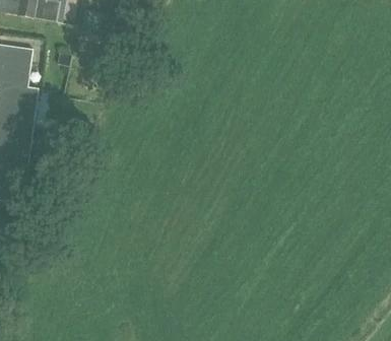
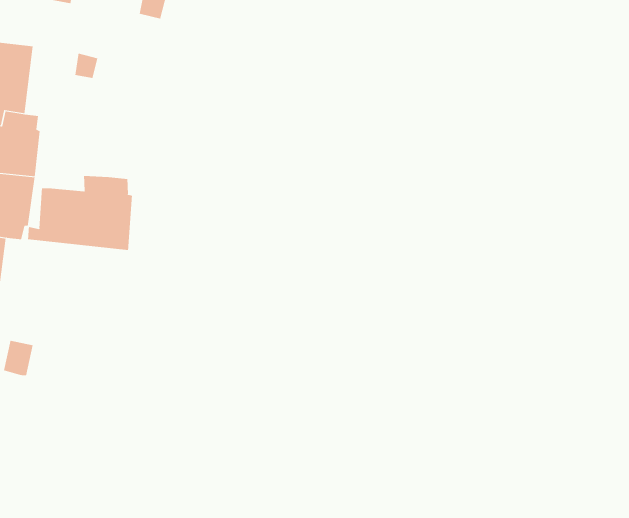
building: none -> [28,175,133,251]

